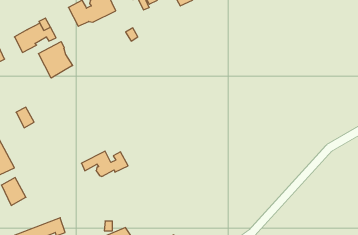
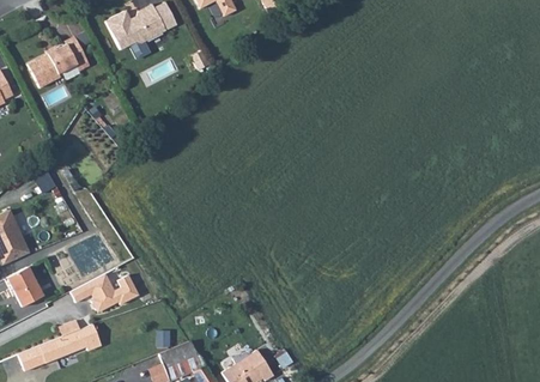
building: [38,42,73,78] -> none
building: [81,151,128,176] -> [71,273,139,310]

